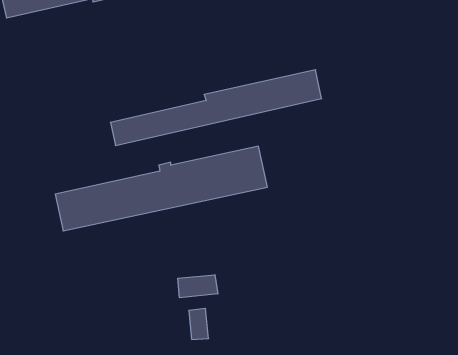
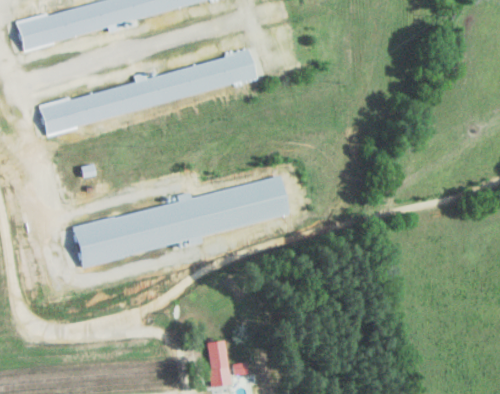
building: [110,70,322,145] -> [40,53,252,129]
building: [178,275,218,298] -> none

